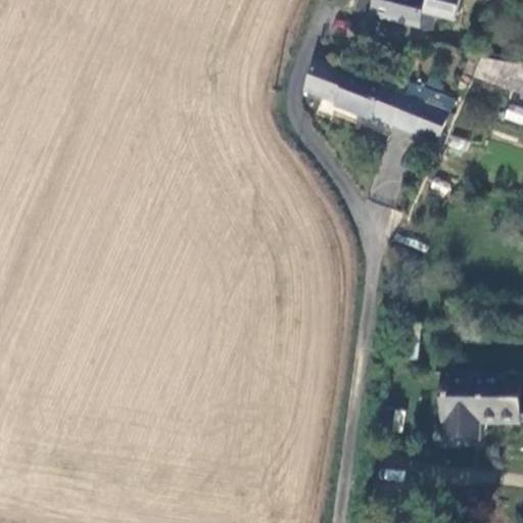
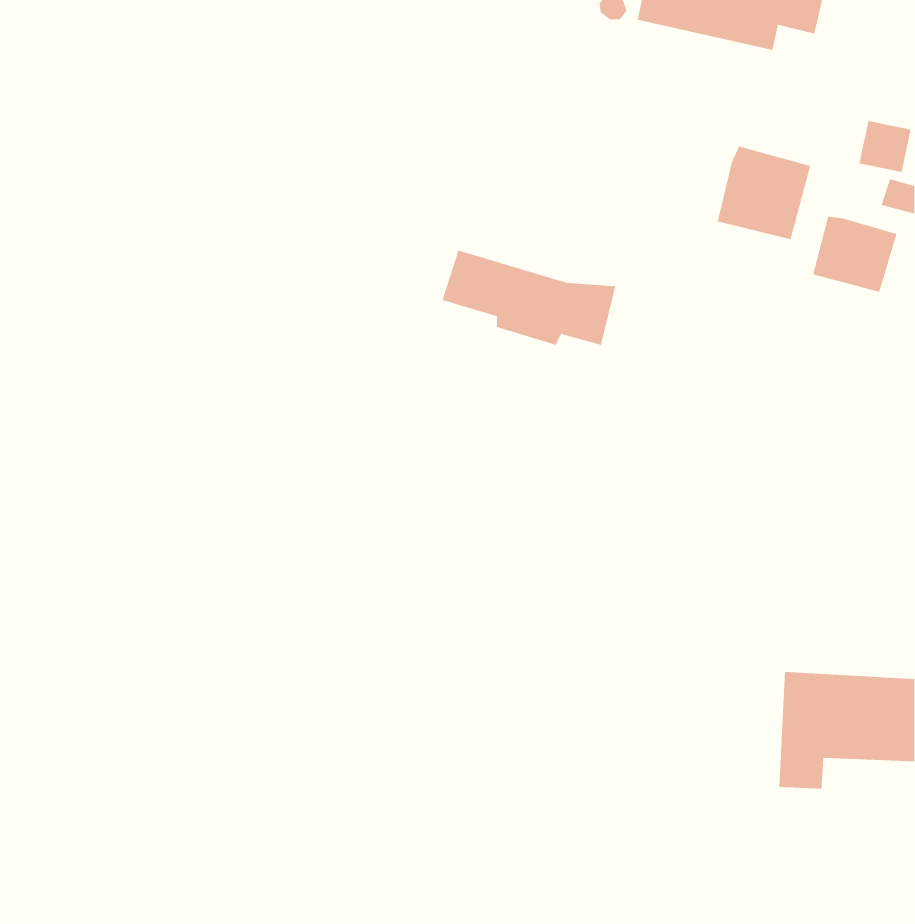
building: [313,70,411,125] -> [442,249,616,346]
building: none -> [812,216,898,293]

